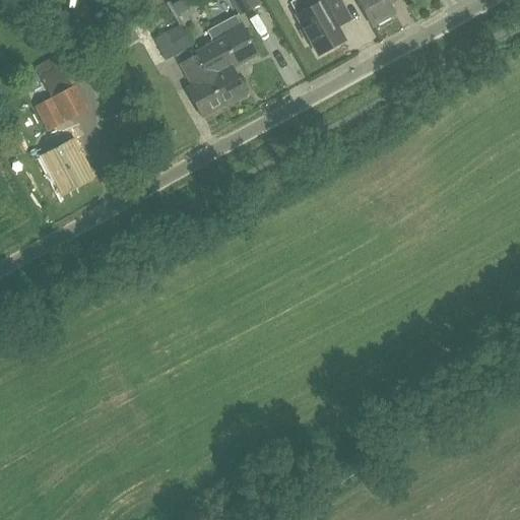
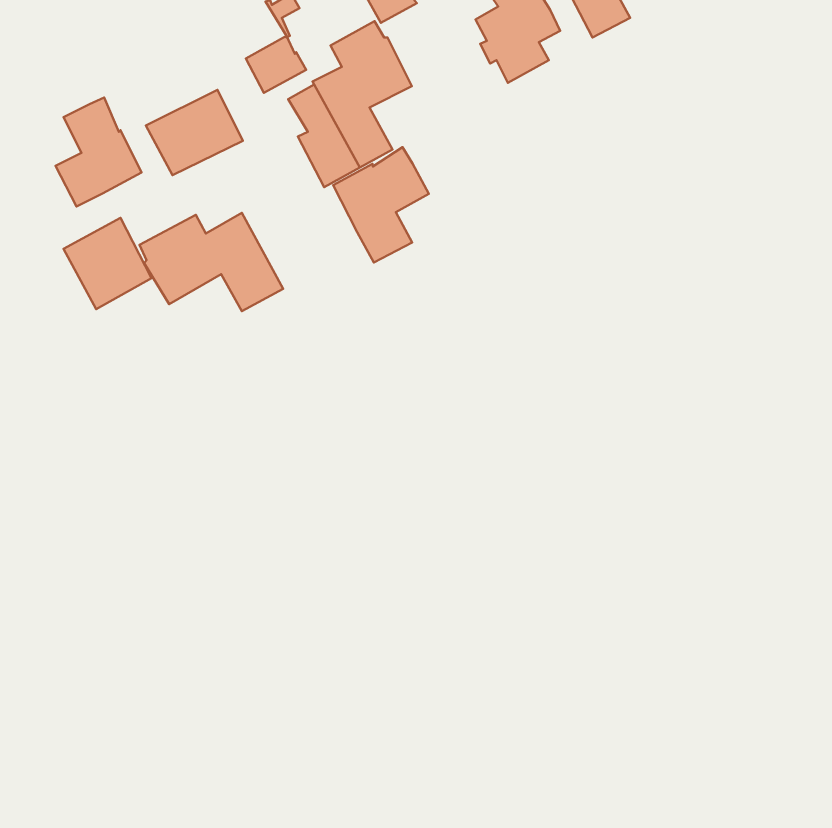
building: none -> [146,90,243,175]
building: none -> [333,147,429,262]
building: none -> [140,213,283,311]

